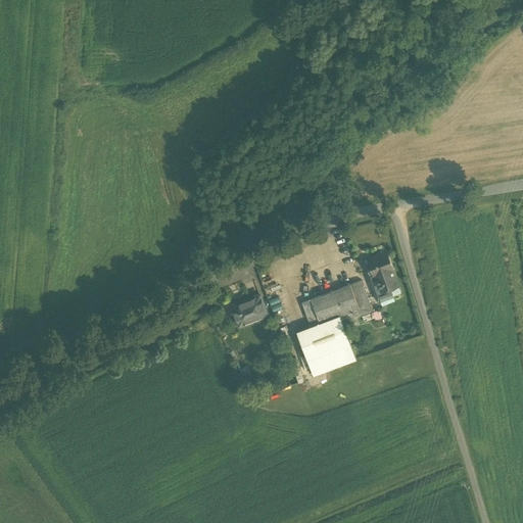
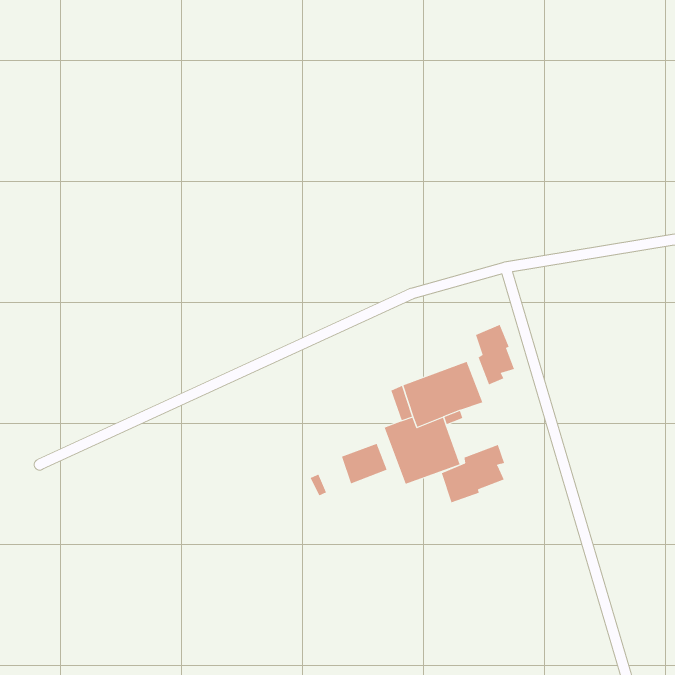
building: [231,295,267,327] -> [341,443,388,484]
building: none -> [441,444,505,503]

